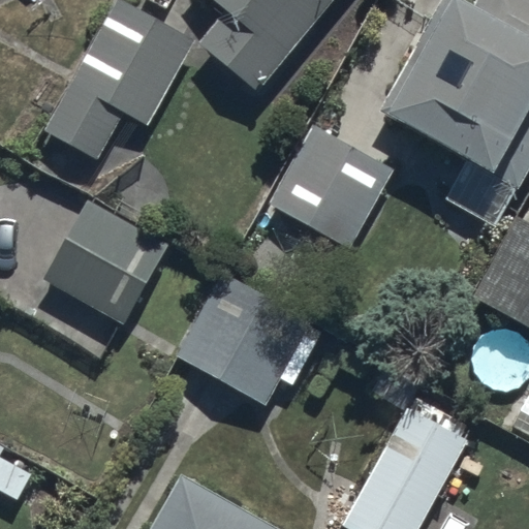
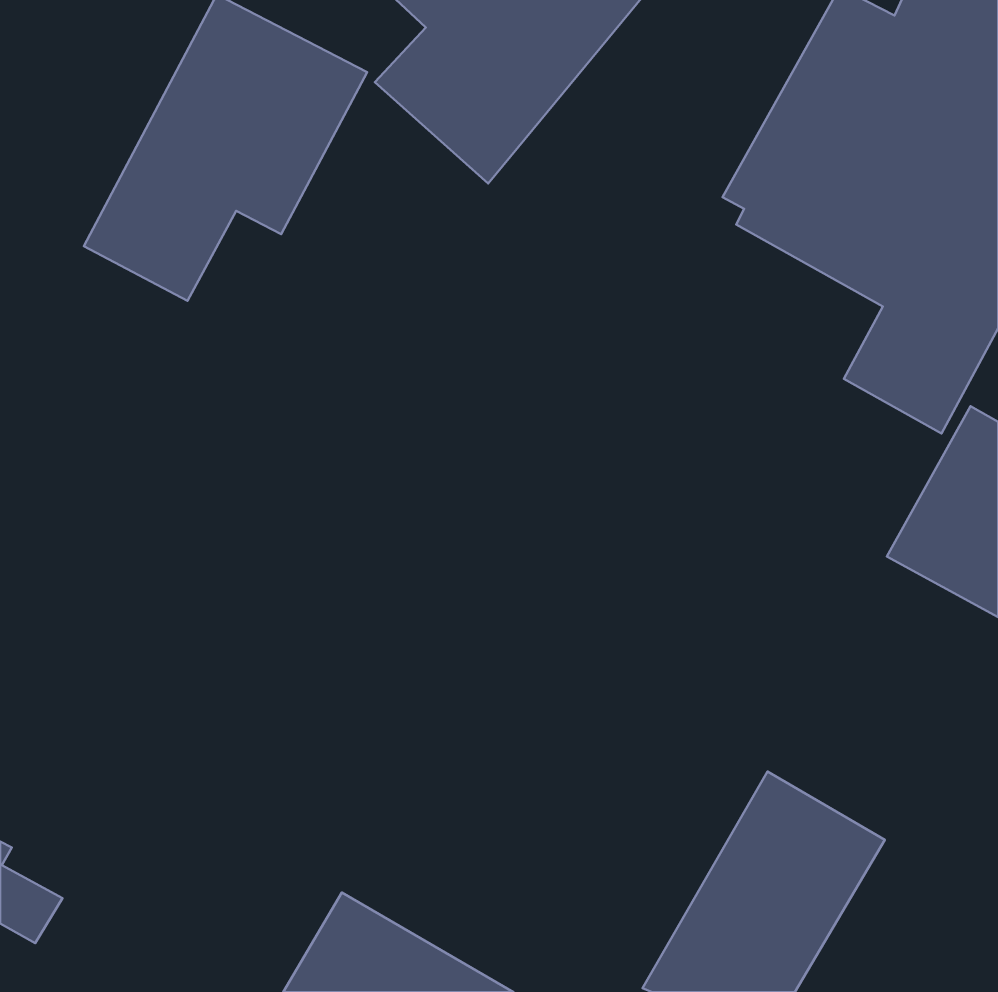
building: [268,126,396,249] -> none
building: [46,205,169,330] -> none
building: [175,273,323,407] -> none

